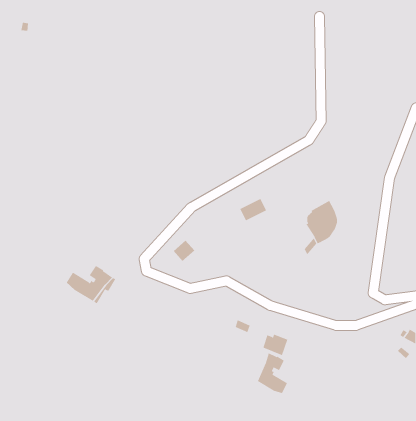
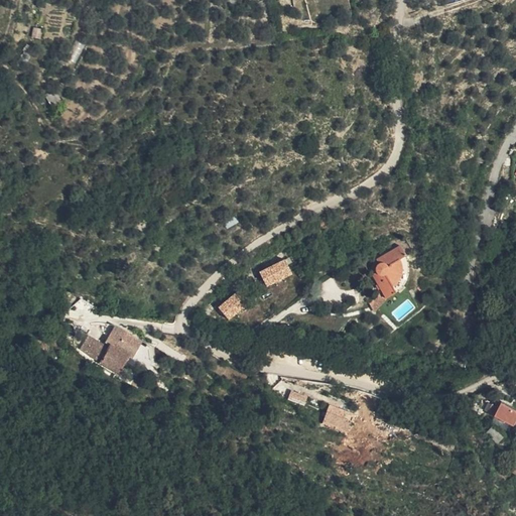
building: [240,198,267,221] -> [253,259,286,287]
building: [257,352,288,394] -> none

